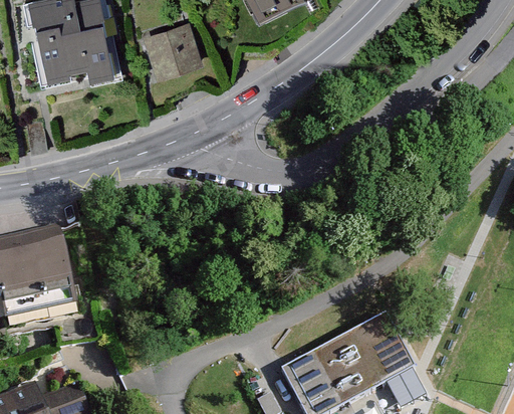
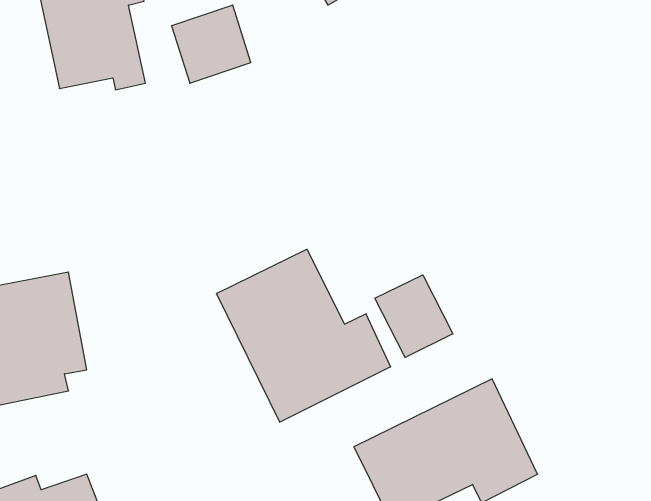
building: none -> [217,249,391,422]
building: none -> [375,275,453,357]

